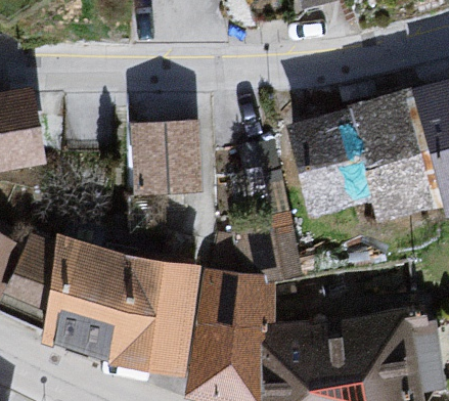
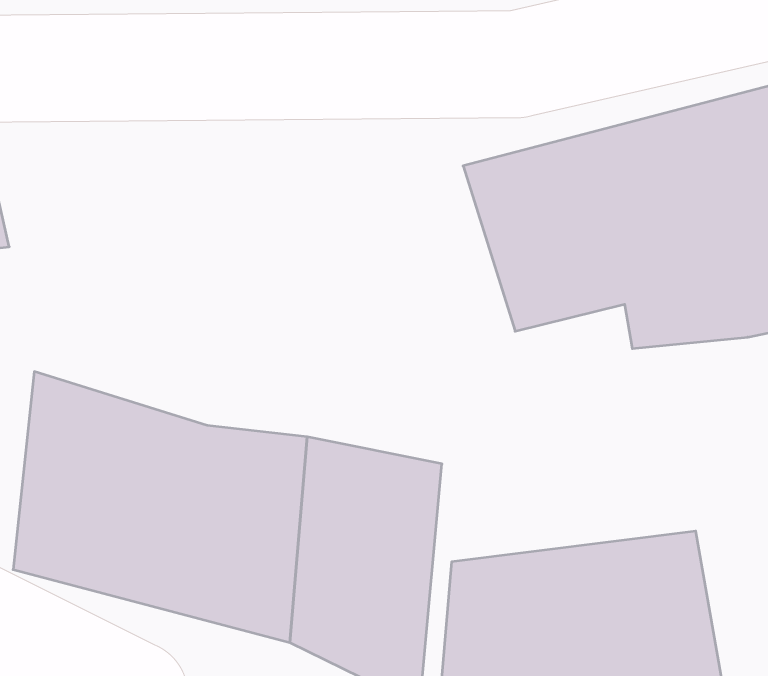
building: [129,123,206,192] -> none

